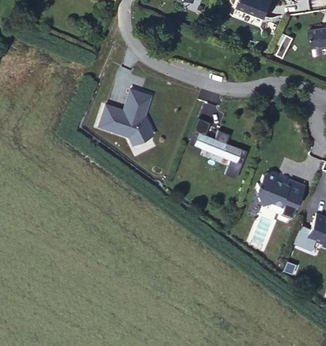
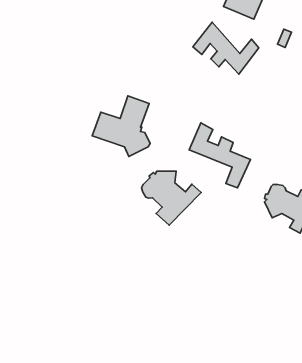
building: none -> [193,22,259,74]
building: none -> [142,171,201,225]

